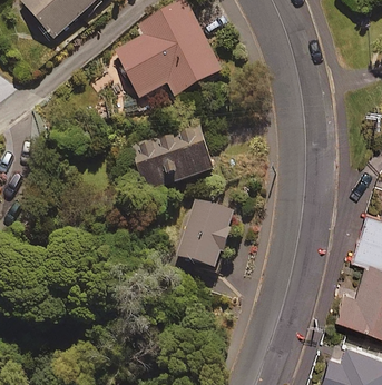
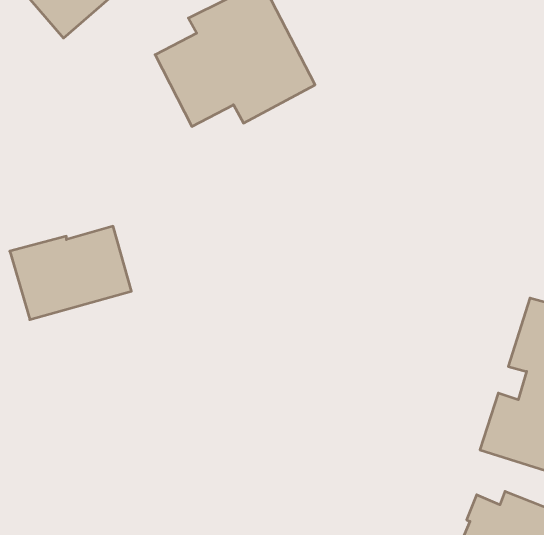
building: [133,128,214,190] -> [10,226,131,320]
building: [175,198,236,268] -> none

